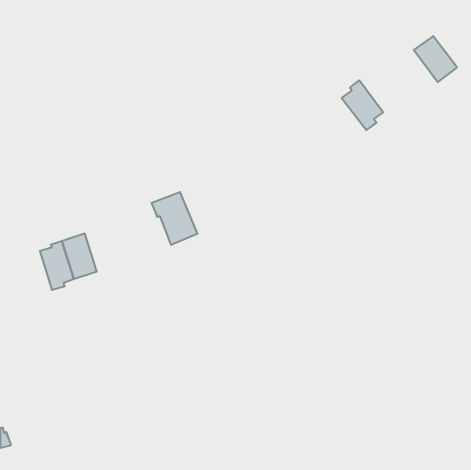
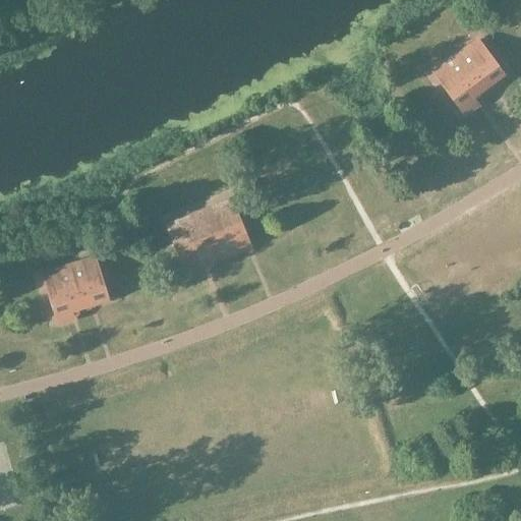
building: [342,80,383,130] -> [438,55,483,110]
building: none -> [199,198,247,257]

